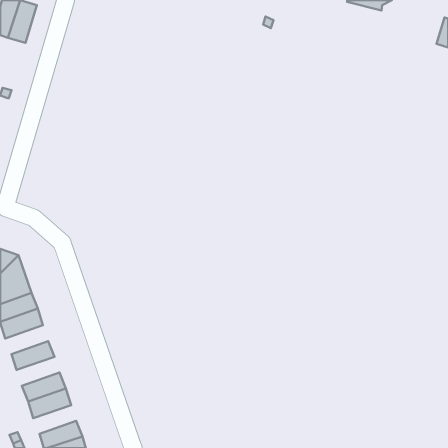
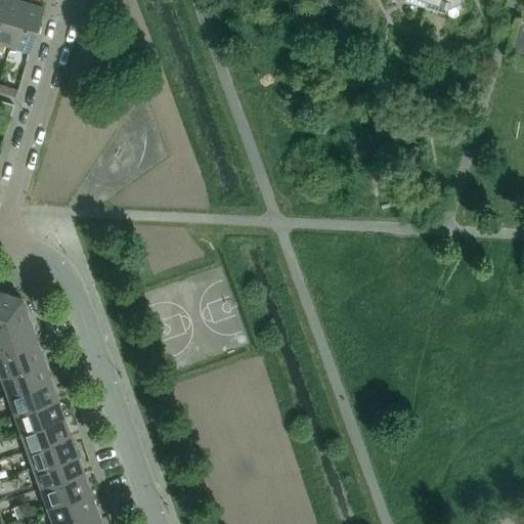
building: none -> [6,380,56,413]
building: none -> [19,417,70,450]
building: none -> [39,473,89,507]

